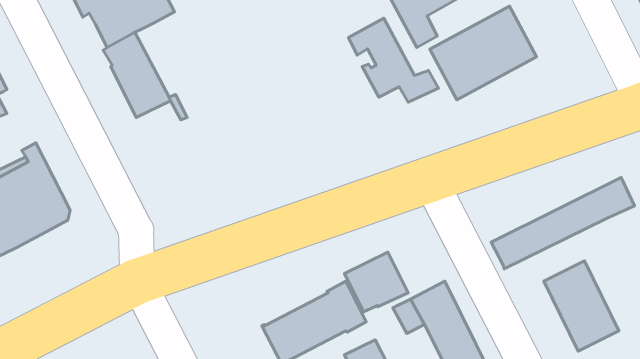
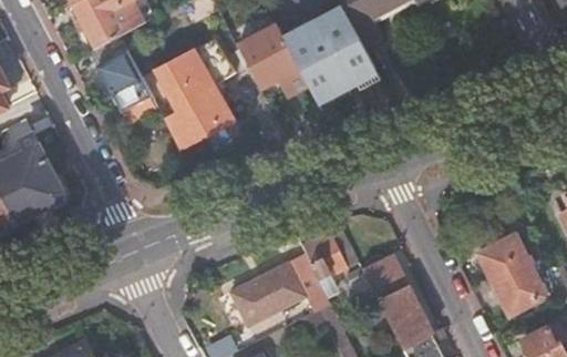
building: [430,6,536,100] -> none
building: none -> [237,23,309,94]
building: none -> [163,44,241,144]
building: [491,178,634,269] -> none

